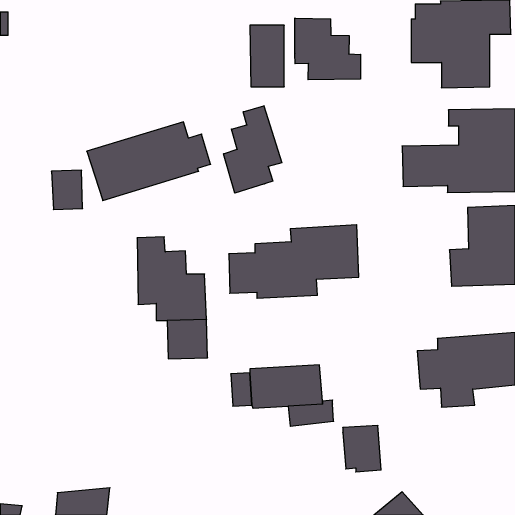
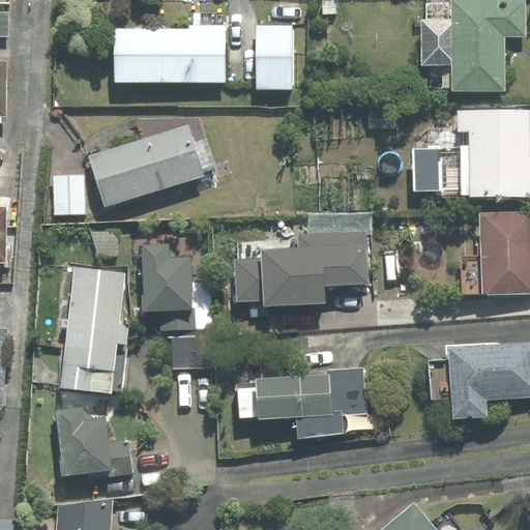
building: [295,18,361,80] -> none
building: none -> [115,25,225,83]
building: [224,106,282,193] -> none
building: none -> [61,267,129,393]
building: none -> [56,407,132,478]
building: [343,426,381,472] -> [328,367,367,415]

